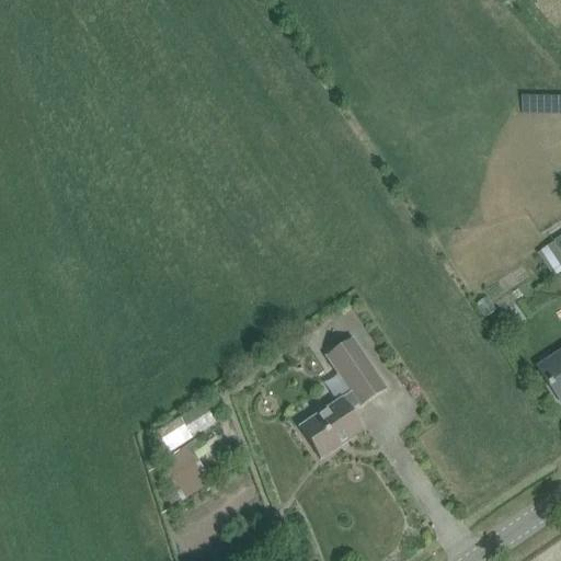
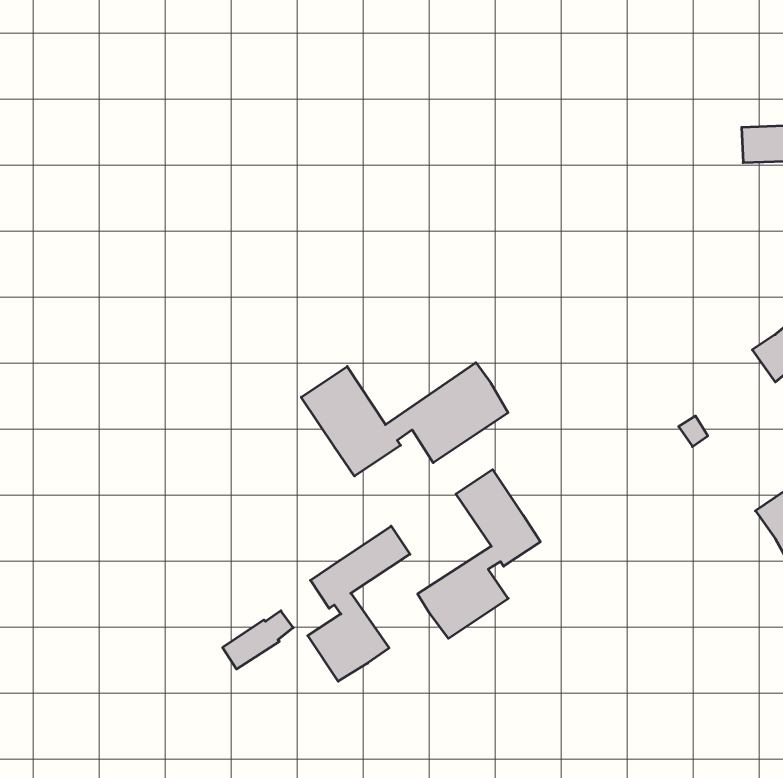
building: none -> [301,363,508,476]
building: none -> [308,526,410,681]

